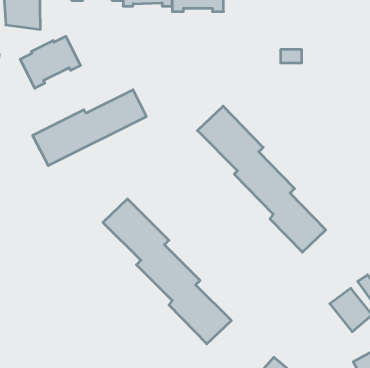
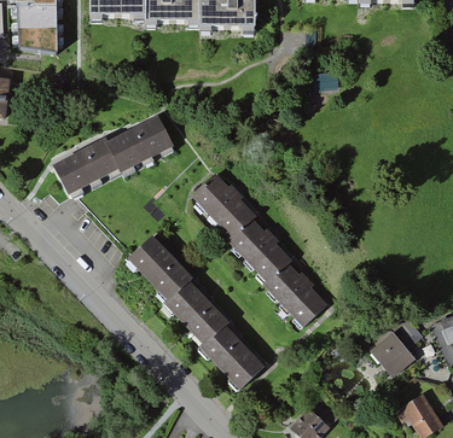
building: [20,36,81,88] -> none
building: [197,106,326,252] -> [188,169,327,327]

